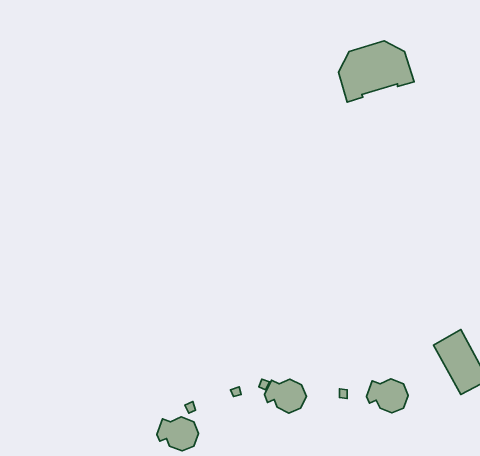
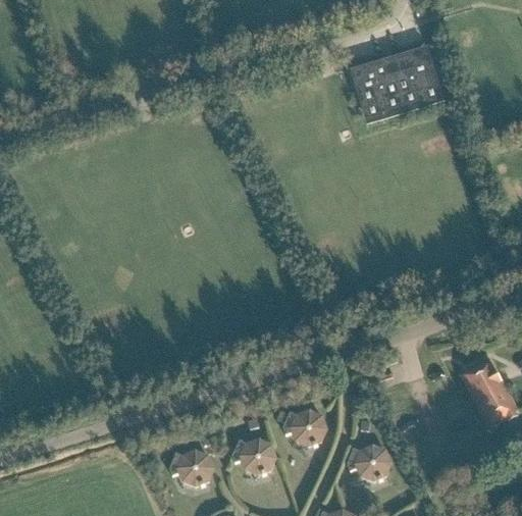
building: [366,379,408,413] -> [347,445,390,480]
building: none -> [231,438,275,474]

